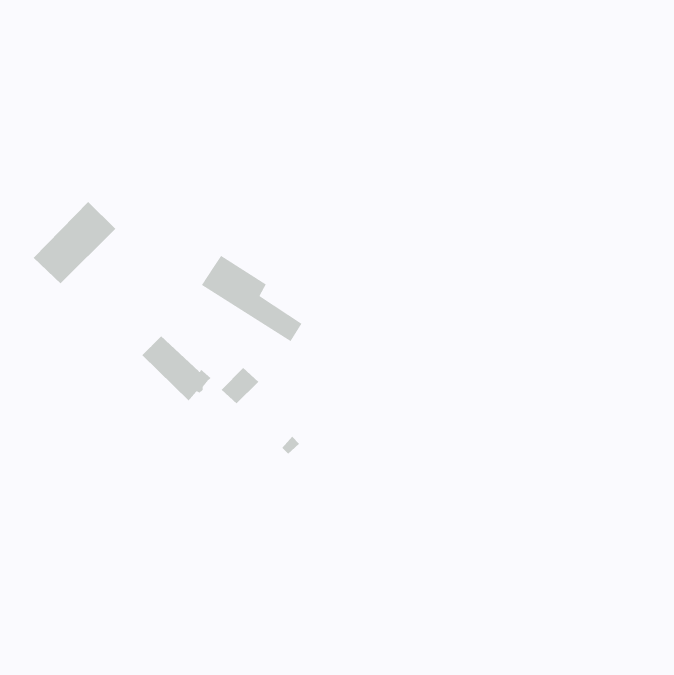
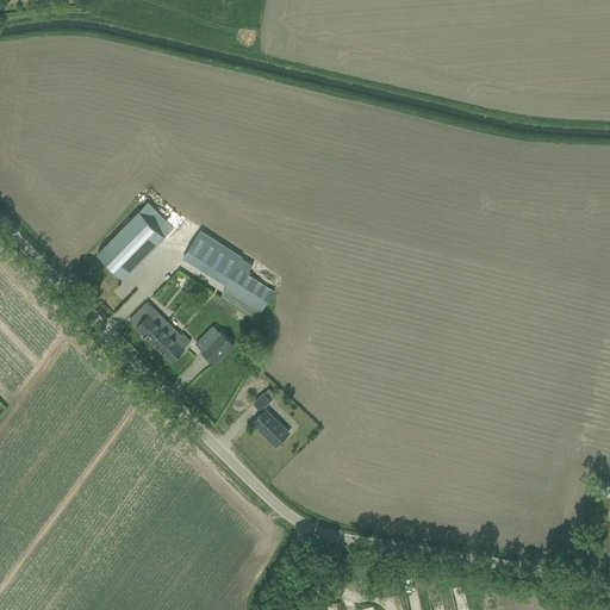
building: [33,201,116,284] -> [97,203,172,278]
building: none -> [251,410,288,446]

